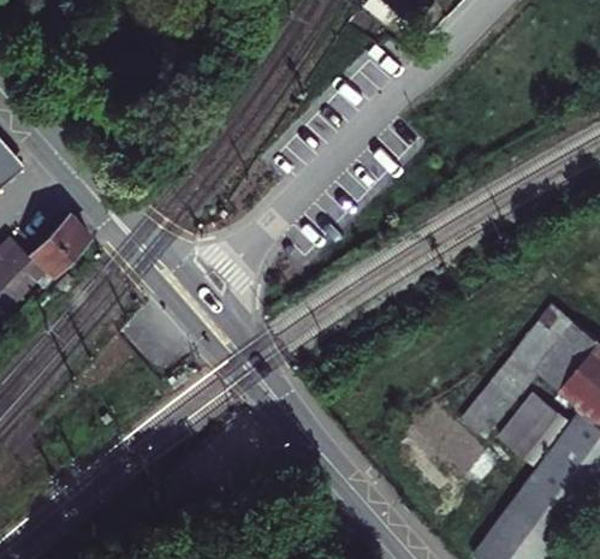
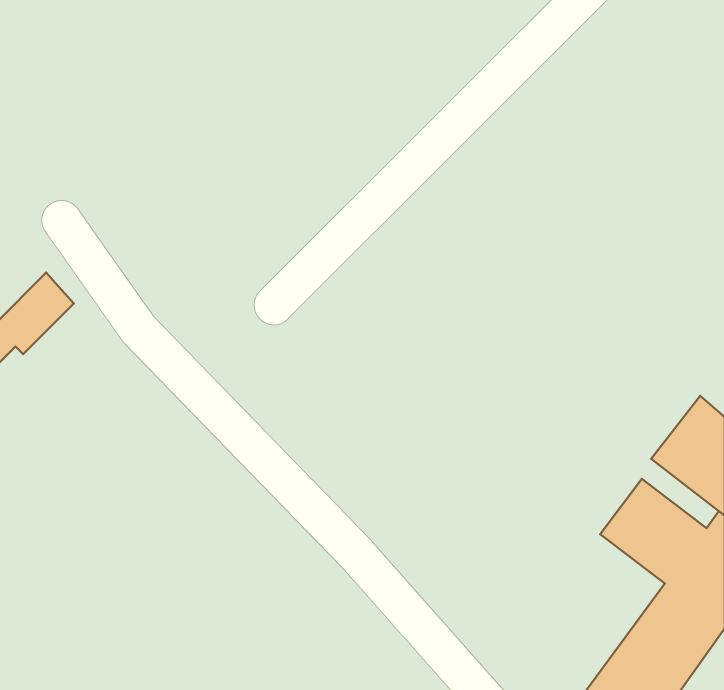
building: [462,297,575,429] -> none

